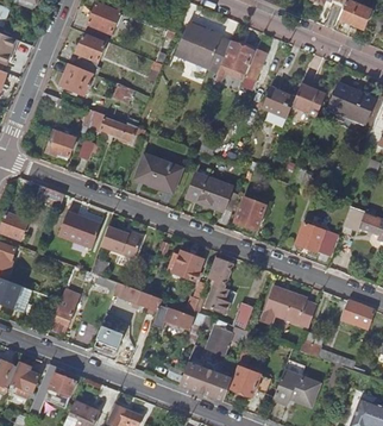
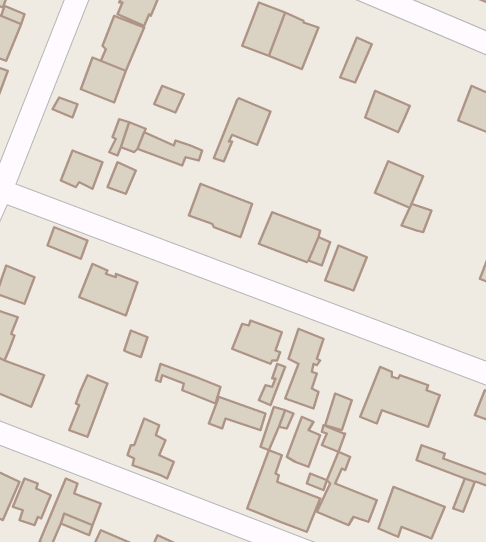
building: [213,39,253,84] -> [214,98,270,161]
building: [291,82,326,115] -> [375,161,423,208]
building: [295,223,339,257] -> none
building: [100,225,142,257] -> none

